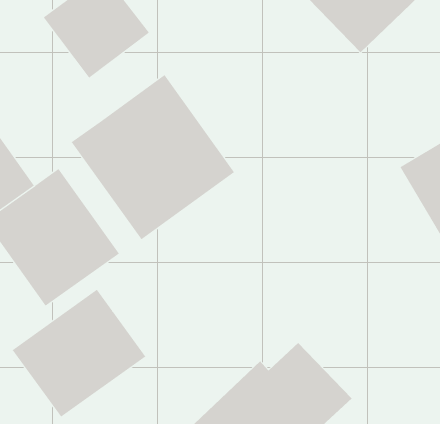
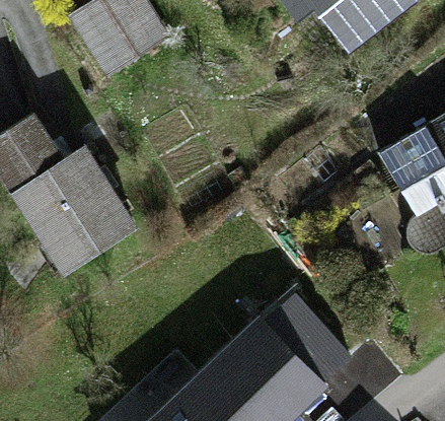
building: [71,74,235,240] -> none
building: [12,289,146,418] -> none

